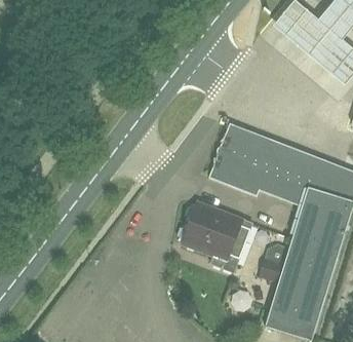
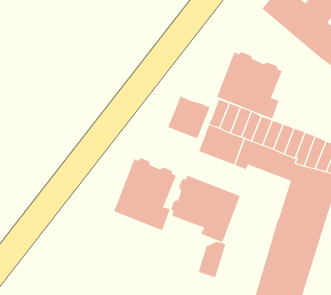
building: none -> [216,51,282,119]
building: none -> [168,96,210,139]
building: none -> [113,157,177,231]
building: [261,243,290,281] -> [198,241,227,278]

